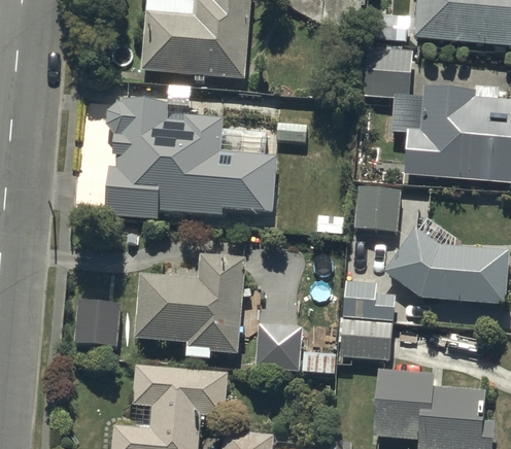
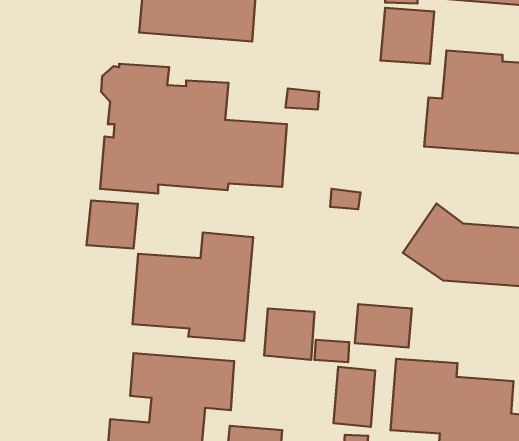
building: [347,185,400,230] -> none
building: [342,280,395,319] -> none
building: [73,301,121,345] -> [87,201,138,249]
building: none -> [334,367,375,427]

